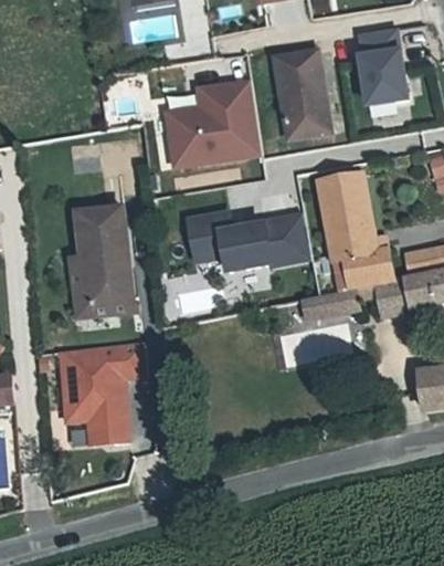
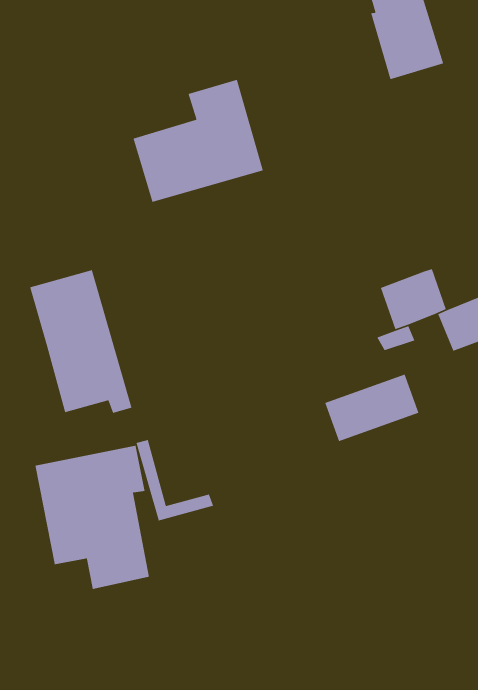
building: [273,48,328,134] -> none
building: [316,168,369,253] -> none
building: [183,207,306,266] -> none
building: [72,262,124,324] -> [135,439,214,521]

